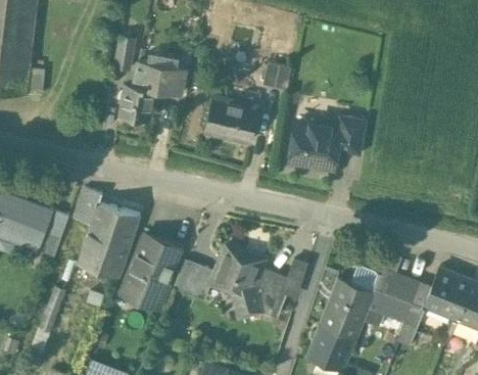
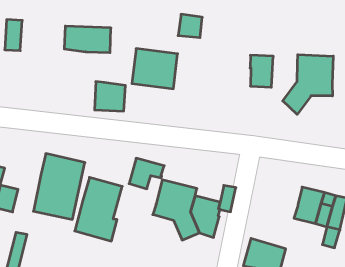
building: [113,35,137,72] -> [5,20,22,51]
building: [118,83,156,120] -> [95,82,125,111]
building: [289,122,340,168] -> none
building: none -> [283,55,333,114]
building: [74,189,100,224] -> none
building: [174,260,216,295] -> [129,158,164,189]
building: [318,277,375,339] -> none

